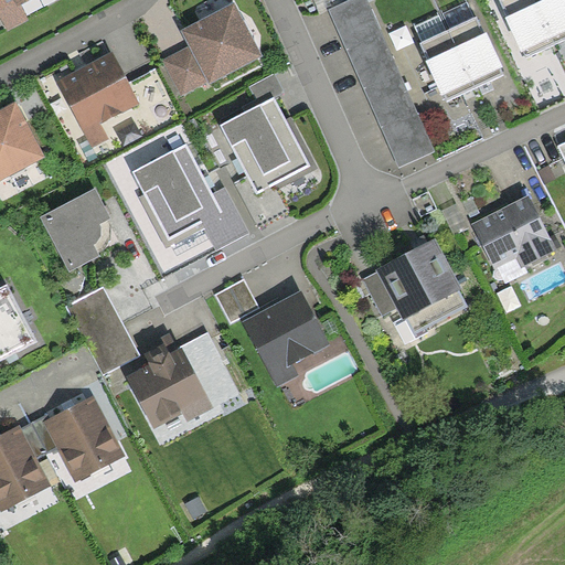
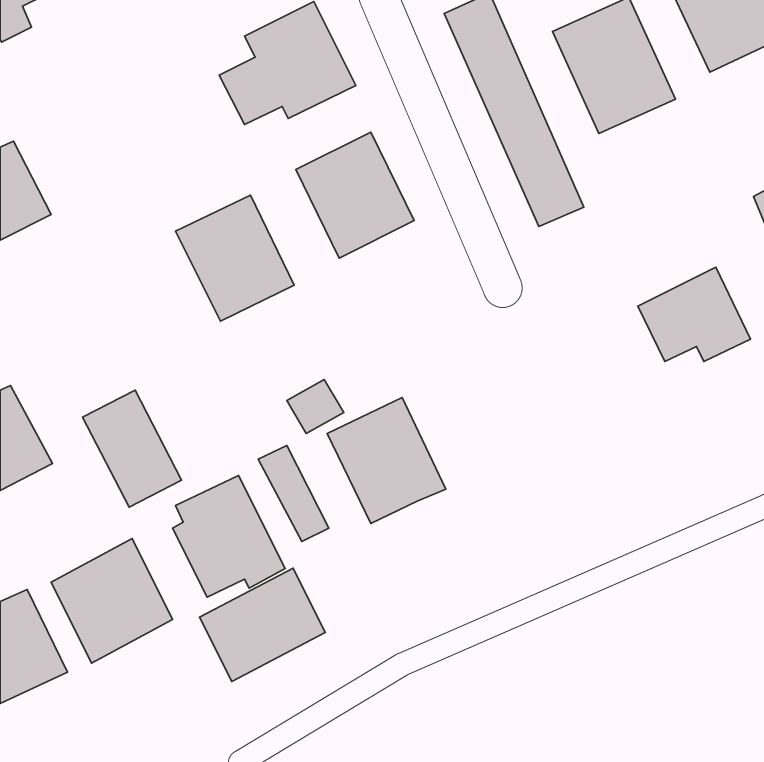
building: [56,52,137,147] -> none
building: [36,189,119,270] -> none
building: [361,238,462,331] -> none
building: none -> [200,568,325,681]

